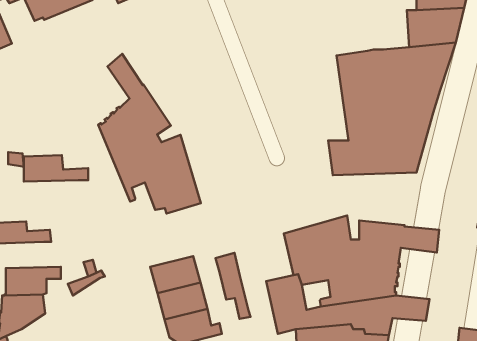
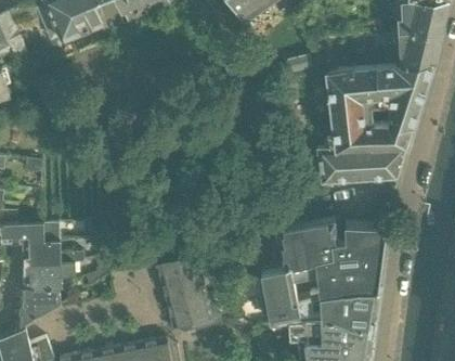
building: [98,54,201,213] -> none
building: [24,155,88,181] -> [25,243,83,267]
building: [216,253,250,319] -> none

